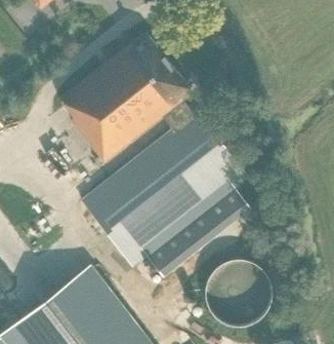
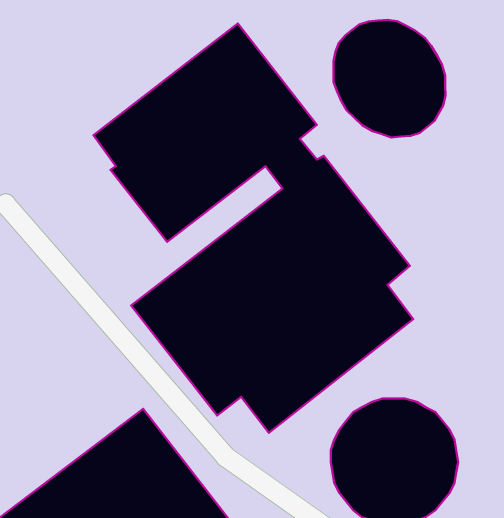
building: none -> [333,20,445,137]

